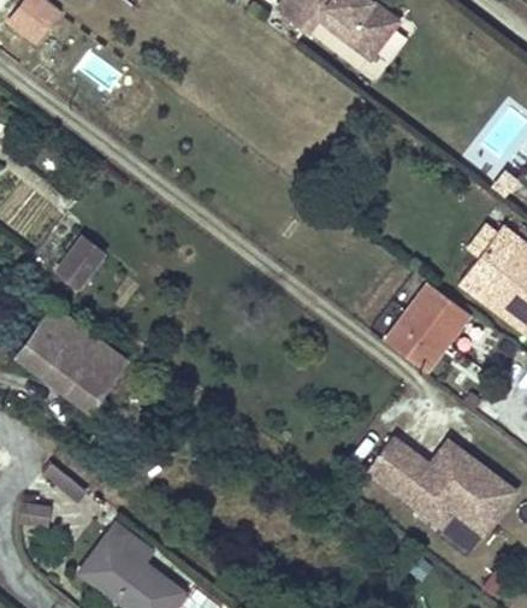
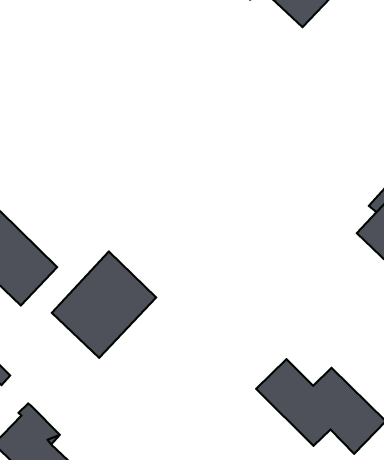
building: [57,237,103,287] -> none
building: [387,284,470,370] -> none
building: none -> [52,251,156,358]

